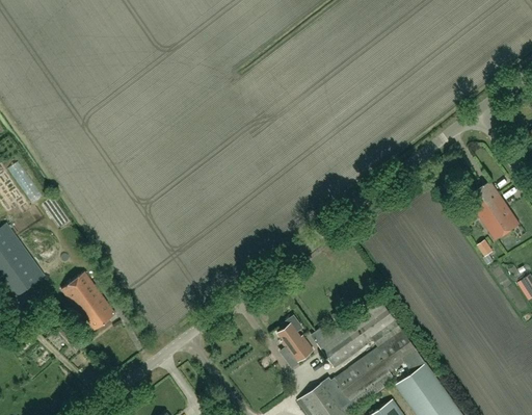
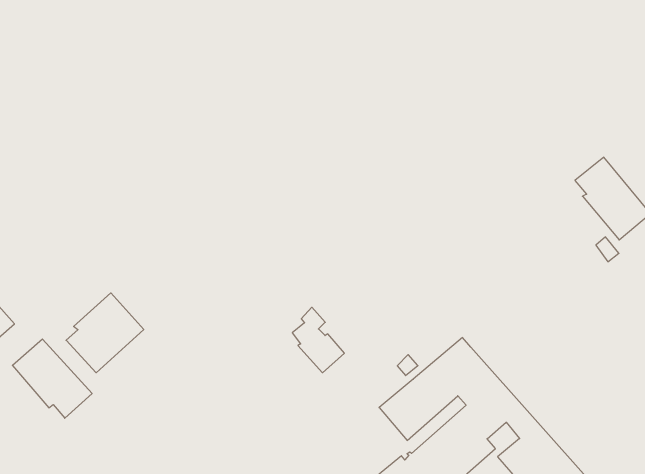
building: none -> [66,293,144,373]
building: [276,316,312,363] -> [292,307,344,373]

